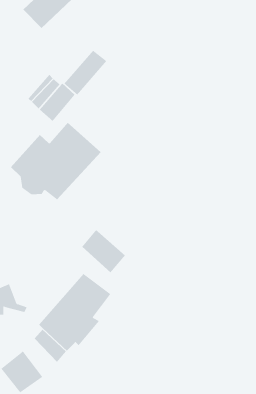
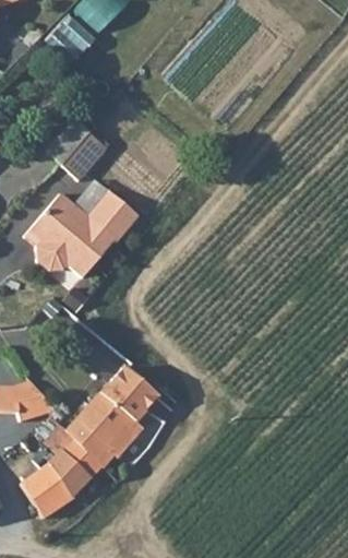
building: [63,50,107,95] -> none
building: [82,229,126,273] -> none
building: none -> [45,424,91,496]

